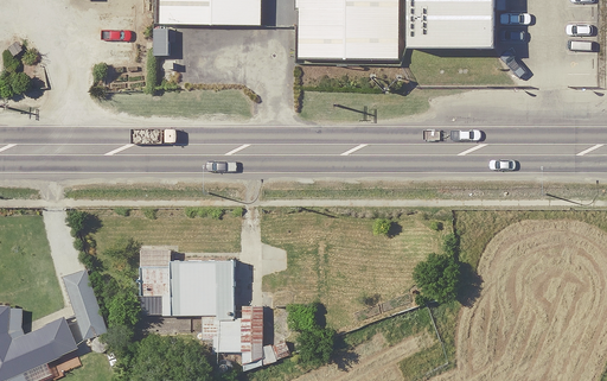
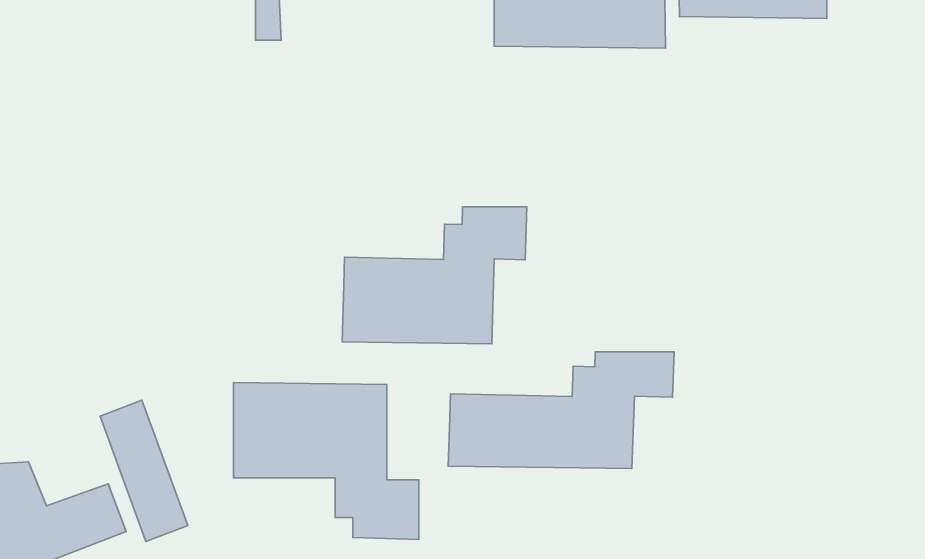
building: none -> [342,207,527,344]
building: none -> [448,352,674,469]

